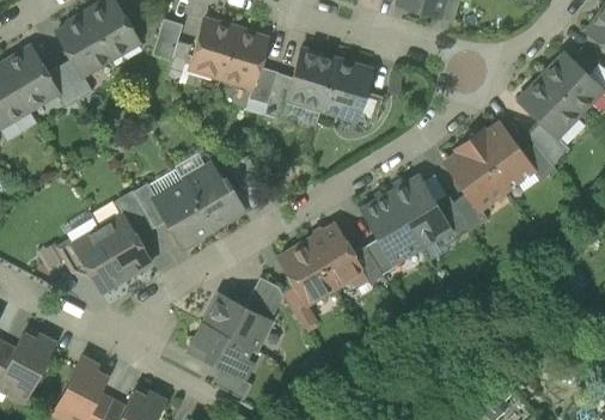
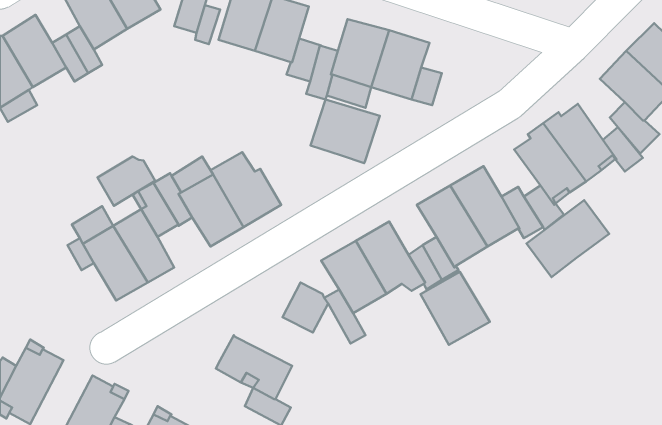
building: none -> [311,100,380,163]
building: none -> [98,157,155,206]
building: none -> [526,200,609,277]
building: none -> [421,272,490,345]
building: [204,293,271,349] -> none

